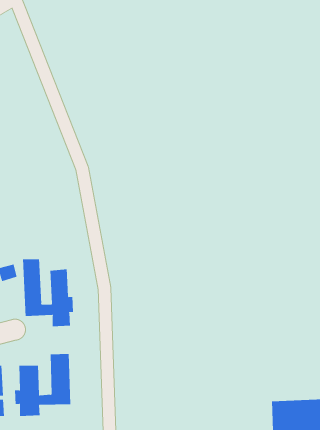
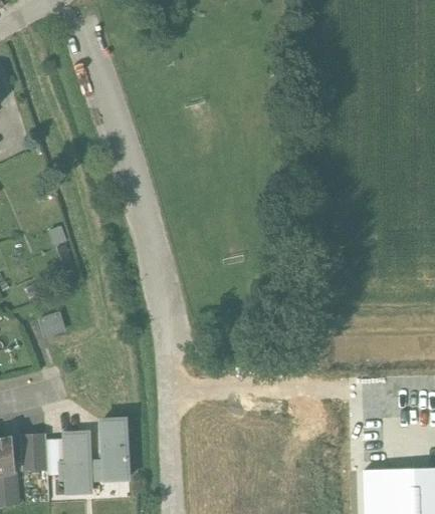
building: [22,258,73,327] -> none

